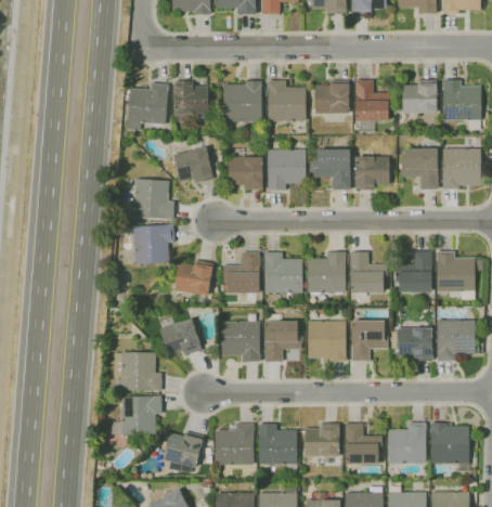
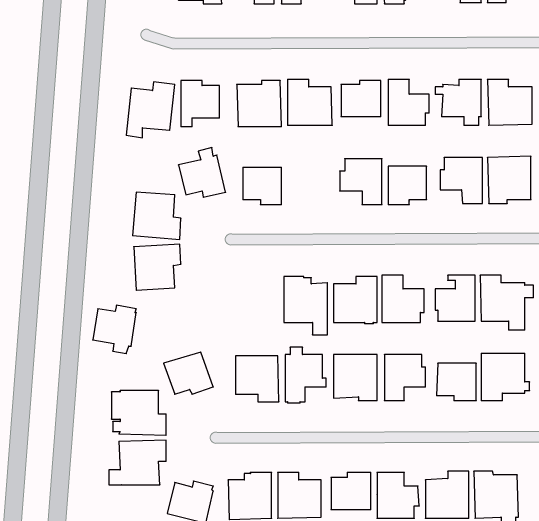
building: [268,150,306,190] -> none
building: [223,252,260,300] -> none
building: [174,260,212,302] -> [93,305,136,354]

